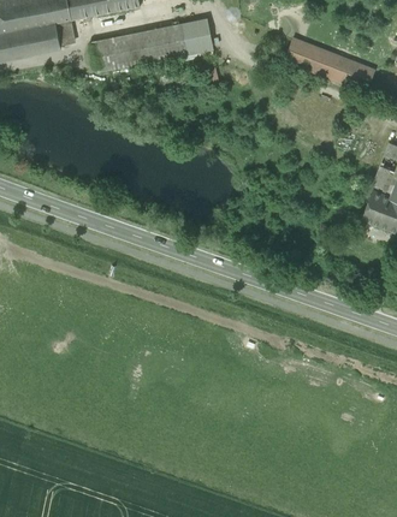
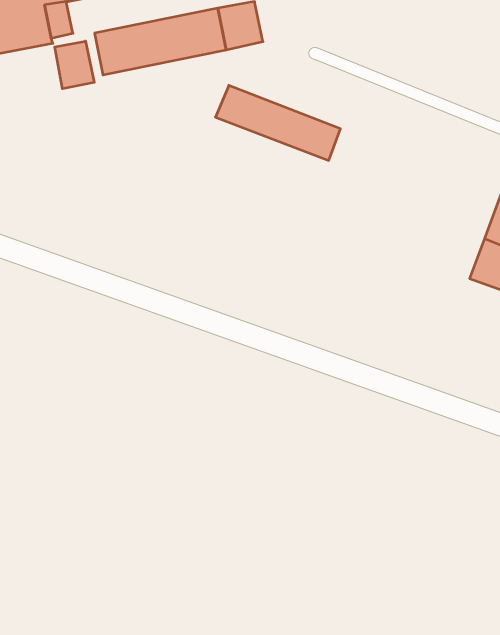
building: [284,38,374,93] -> [215,85,340,160]
building: none -> [55,41,94,89]

